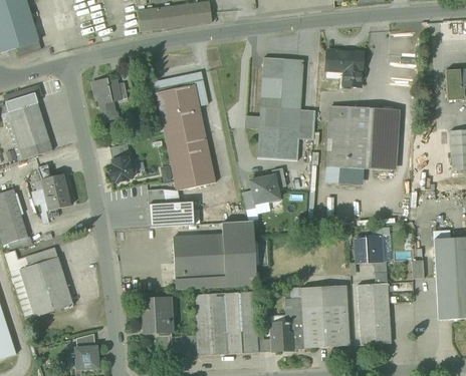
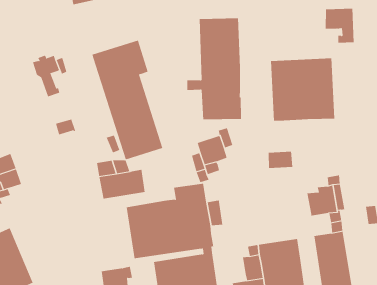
building: [332,50,363,86] -> [325,8,354,43]
building: [298,109,315,139] -> none
building: [108,155,136,181] -> none
building: [338,166,364,183] -> [268,151,293,169]

